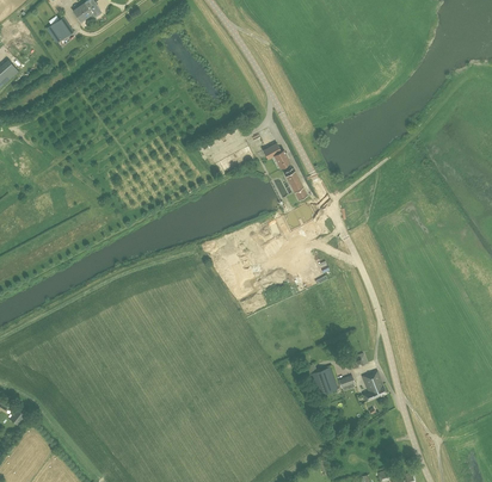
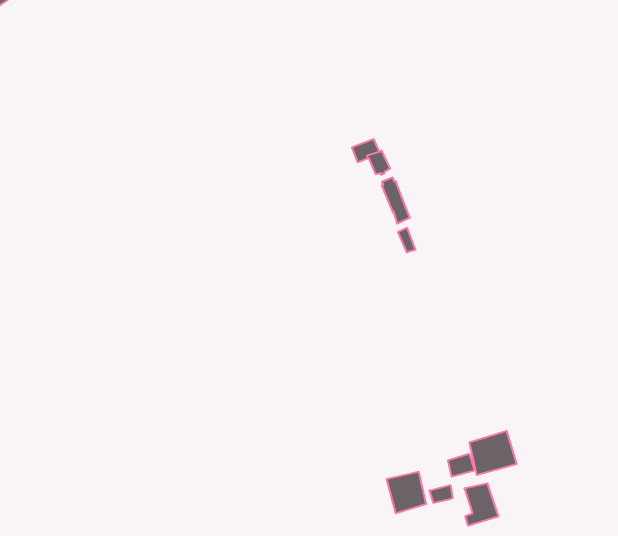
building: none -> [470,431,517,475]

